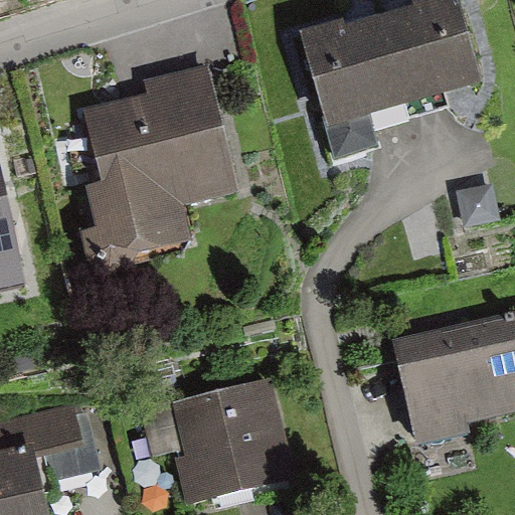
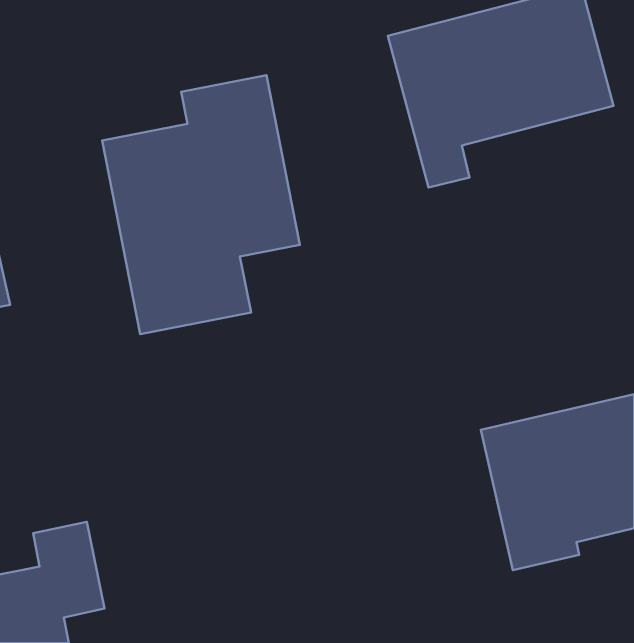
building: [171,380,292,502] -> none

